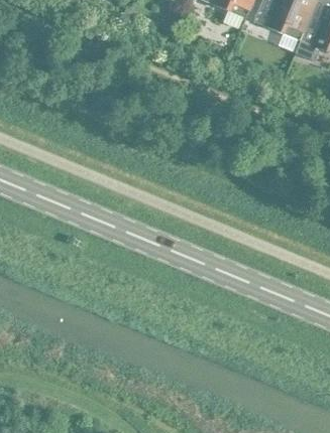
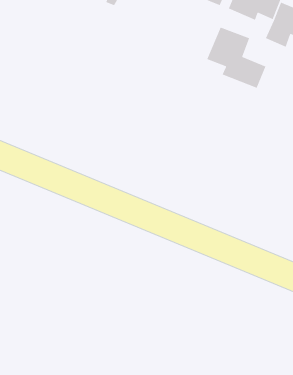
building: none -> [206,26,266,89]

